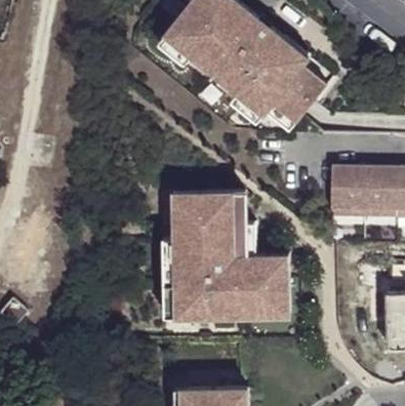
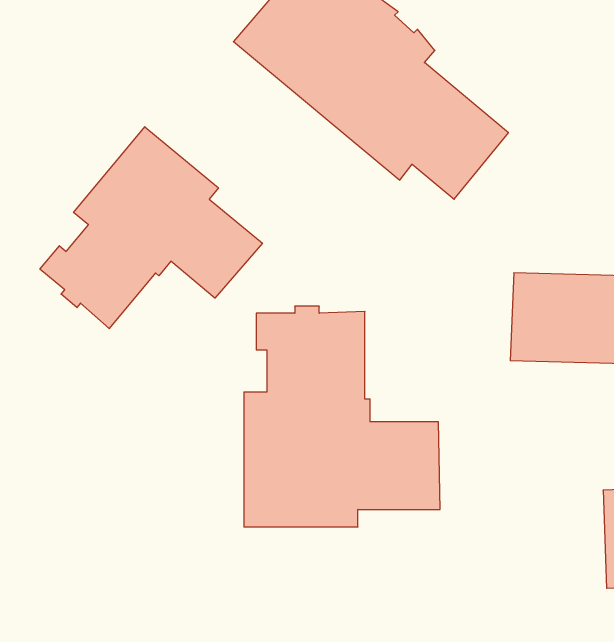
building: none -> [40,127,262,329]

